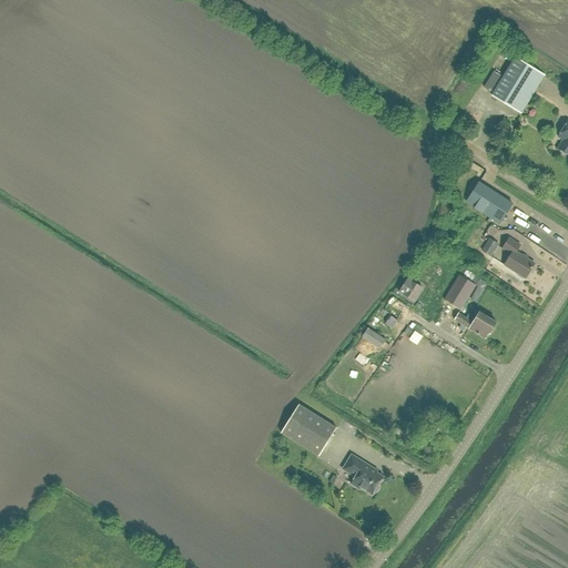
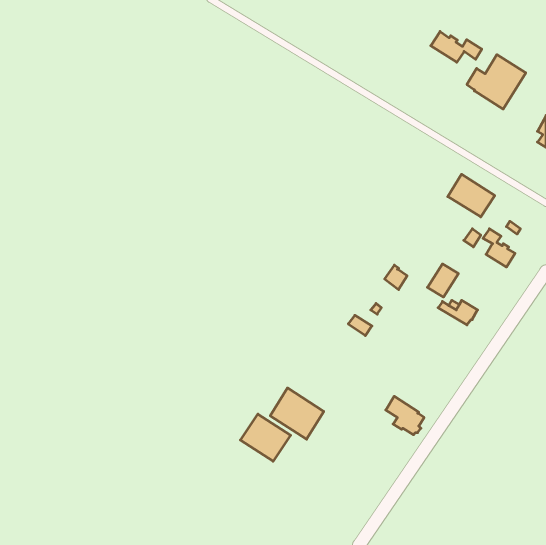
building: none -> [431,31,482,62]
building: none -> [240,414,291,461]
building: [343,454,383,494] -> [386,396,424,435]

